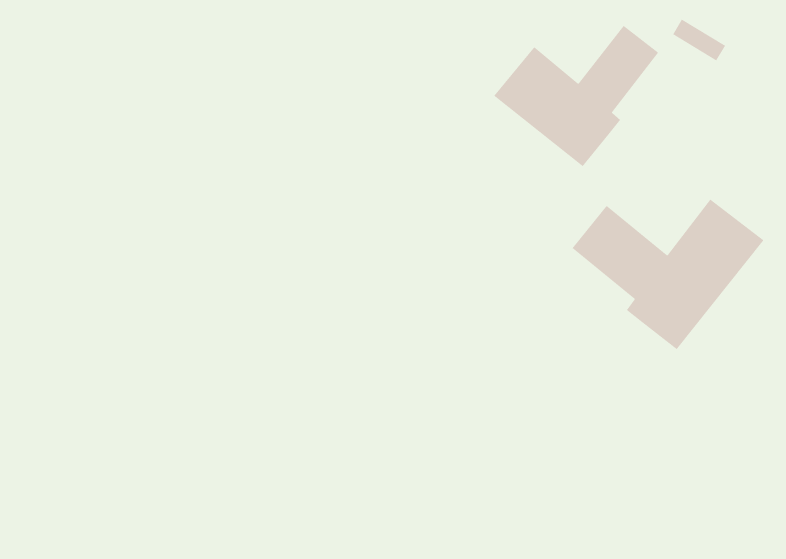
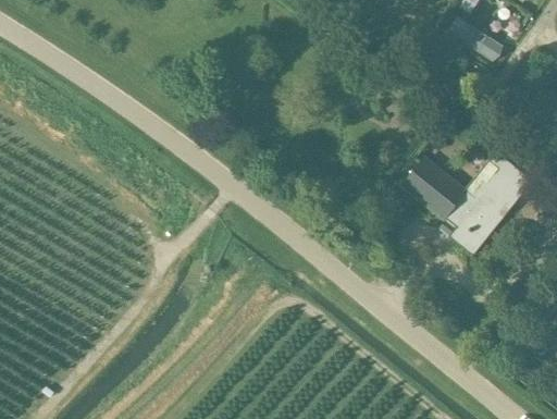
building: [493,25,659,167] -> none

